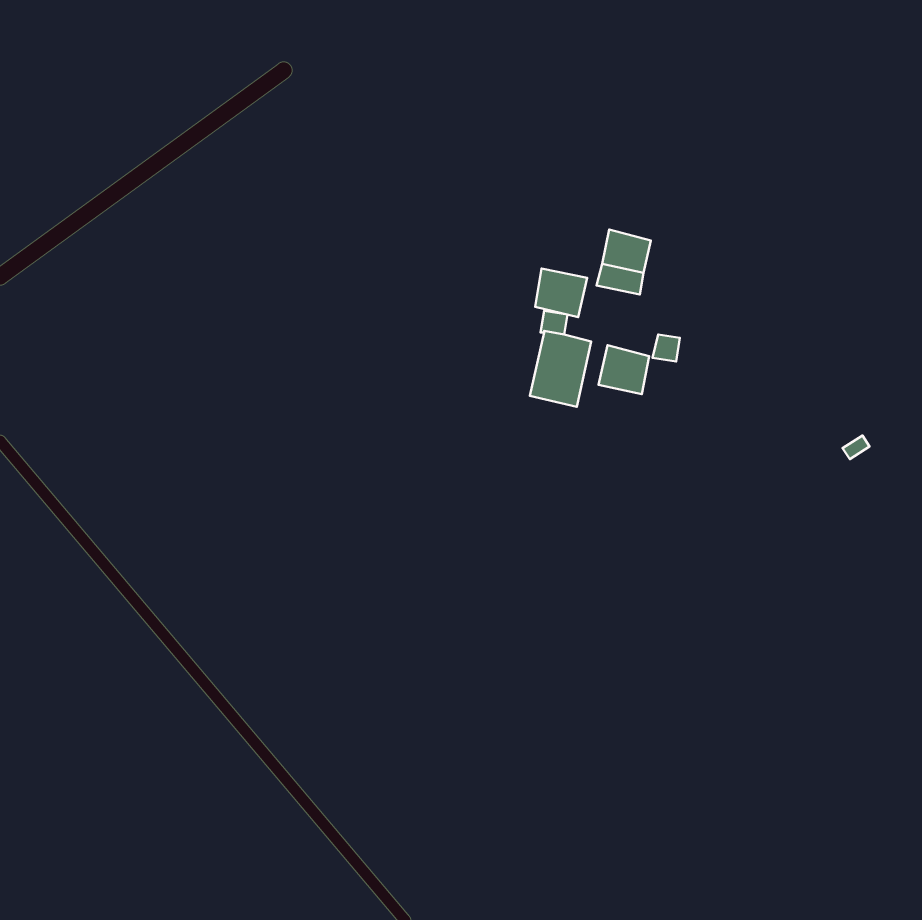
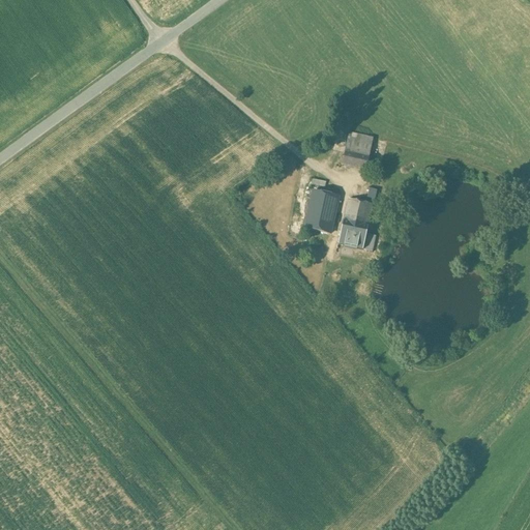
building: [535,268,587,317] -> none
building: none -> [338,220,376,251]

